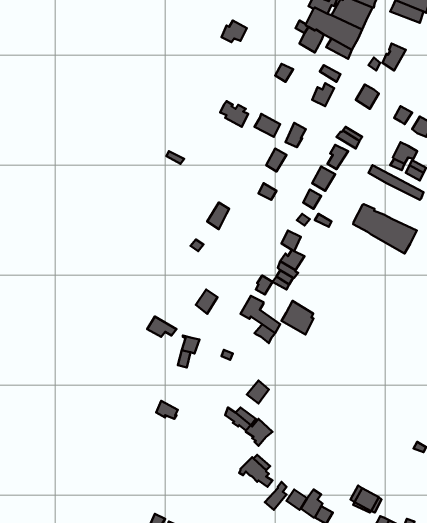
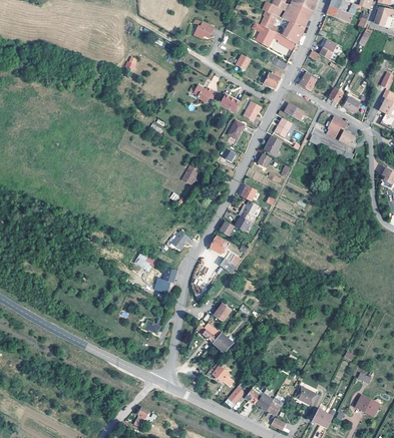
building: [353,204,417,253] -> none
building: [281,301,314,335] -> none

